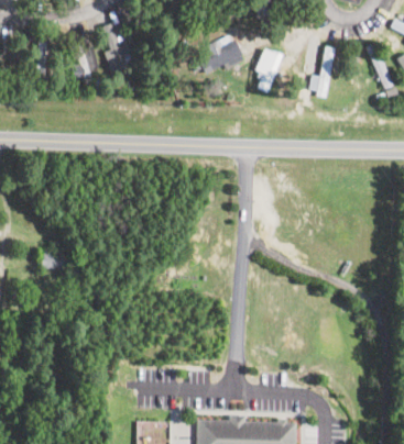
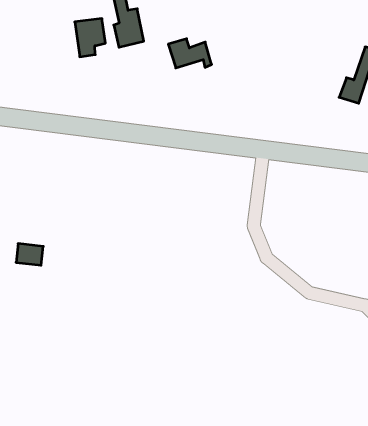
building: [204,40,243,66] -> [168,39,212,68]
building: [255,47,283,92] -> none

